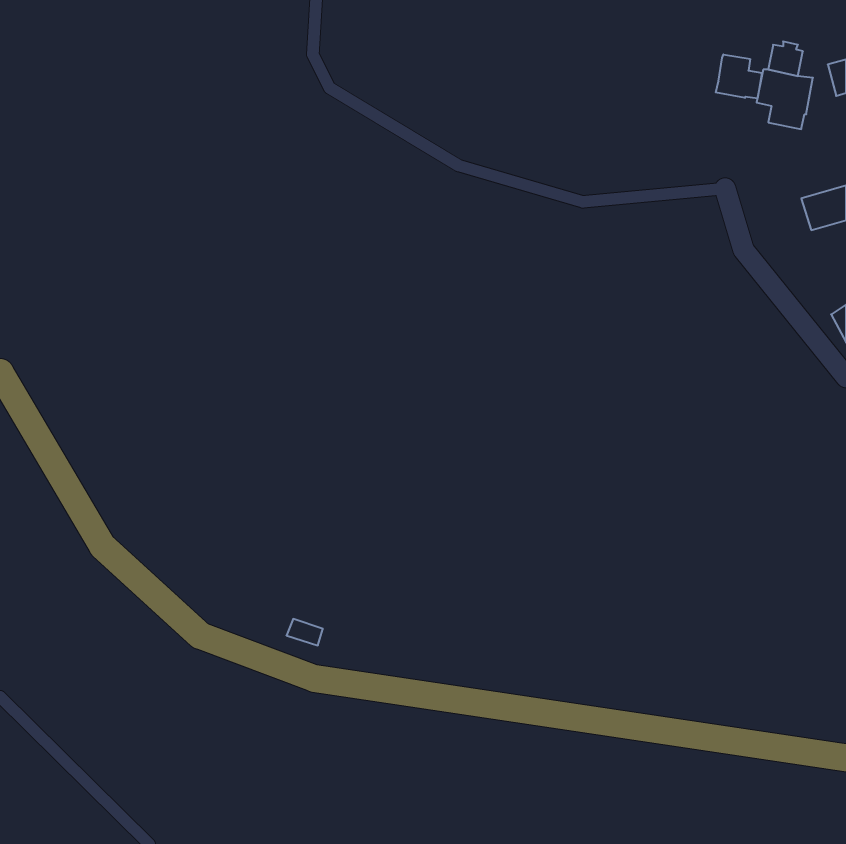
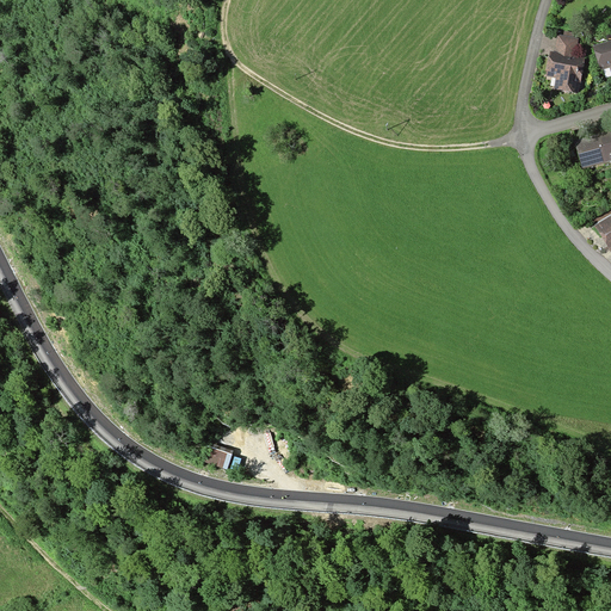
building: [716,54,762,98] -> none

